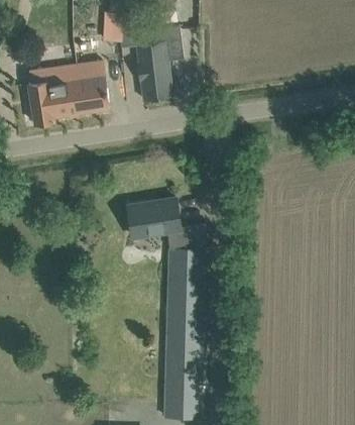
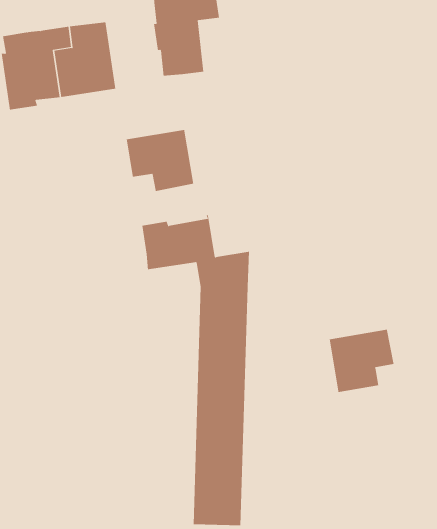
building: none -> [126,129,194,192]
building: none -> [329,329,394,393]

